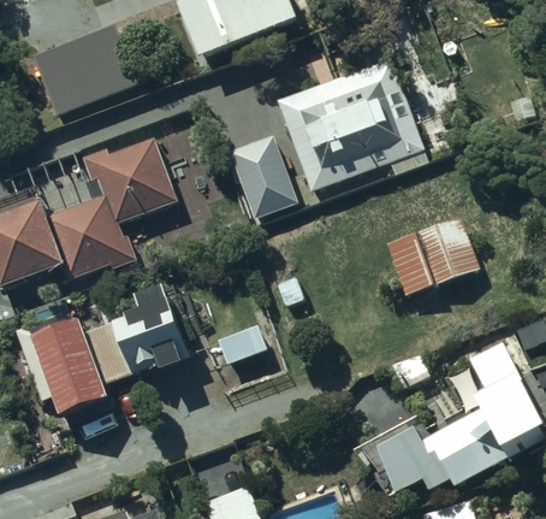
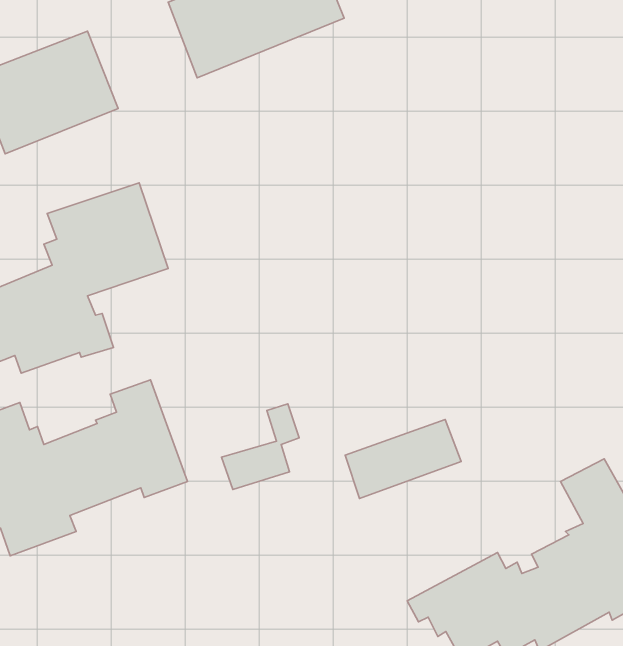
building: [275,58,425,191] -> none
building: [227,135,298,220] -> none
building: [393,237,480,296] -> [345,420,461,499]

